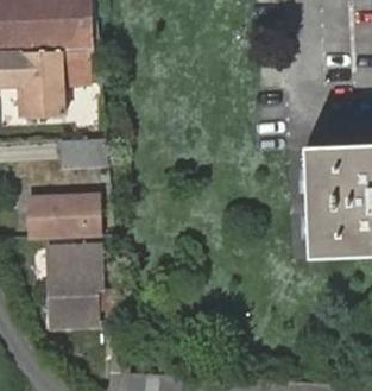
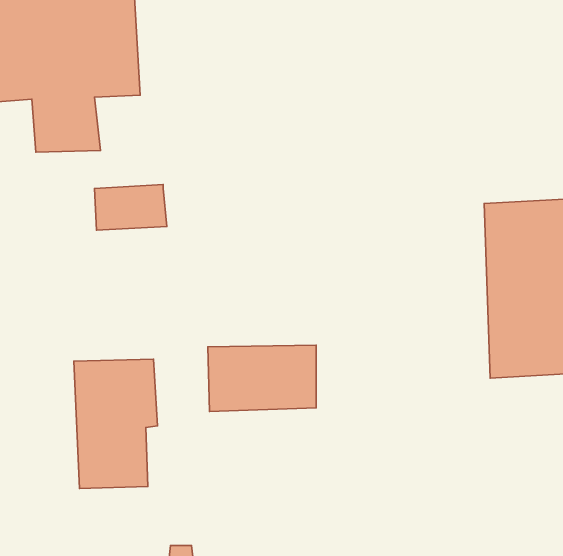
building: [30,197,97,239] -> [208,345,316,412]

